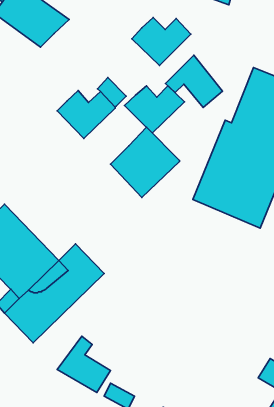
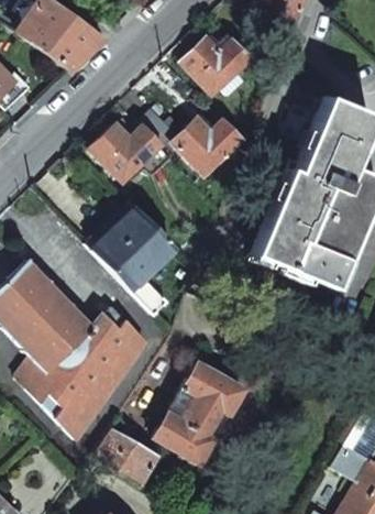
building: [166,55,223,107] -> none
building: [110,127,180,197] -> [92,206,175,289]
building: none -> [154,362,244,464]

